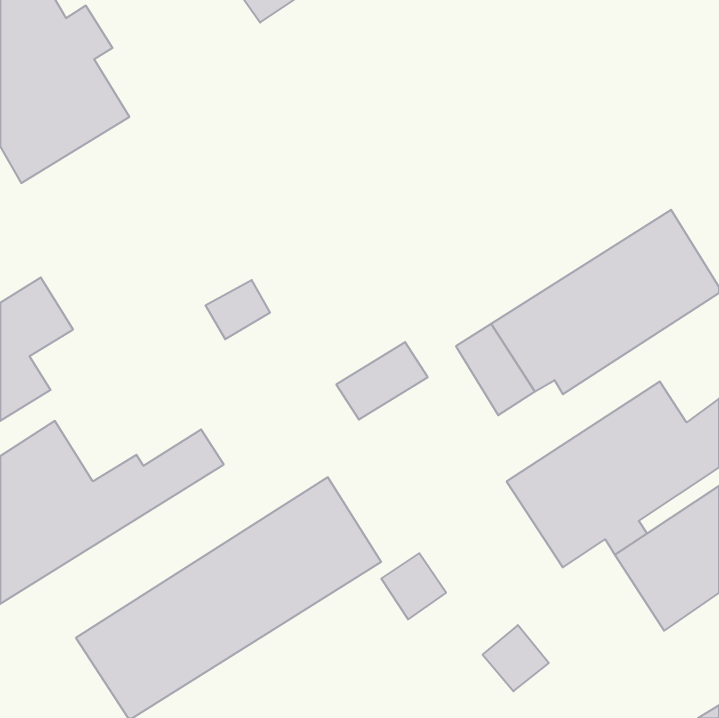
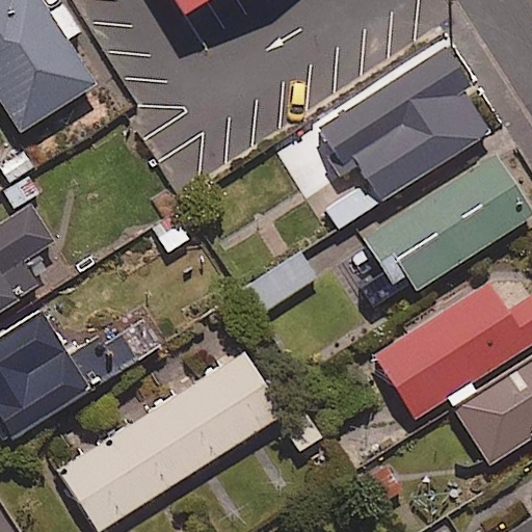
building: none -> [315,46,489,201]

